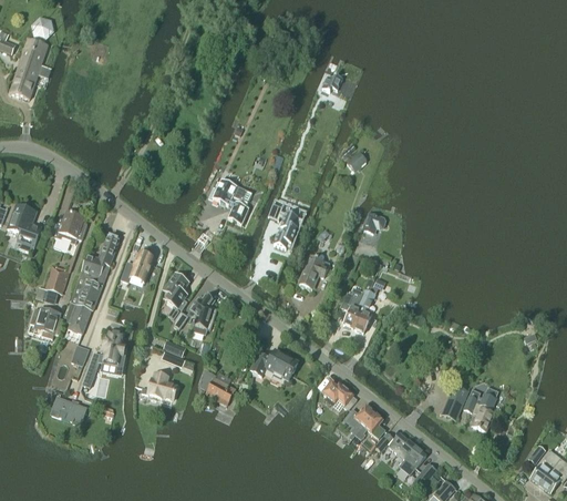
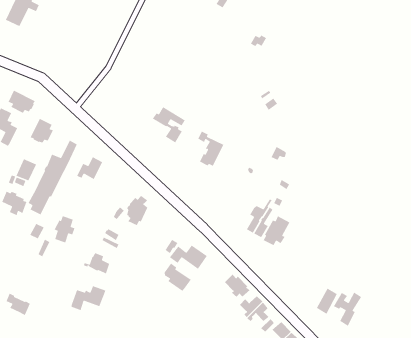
building: none -> [7,90,36,114]
building: [299,255,329,288] -> none
building: [163,273,188,309] -> none
building: none -> [263,215,290,246]
building: [199,369,236,405] -> [164,262,192,292]
building: [53,397,85,425] -> [6,292,31,316]
building: none -> [70,285,106,311]

